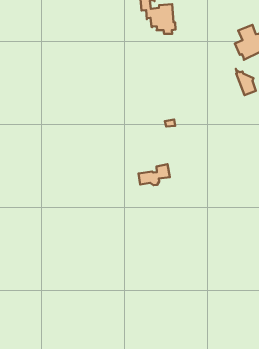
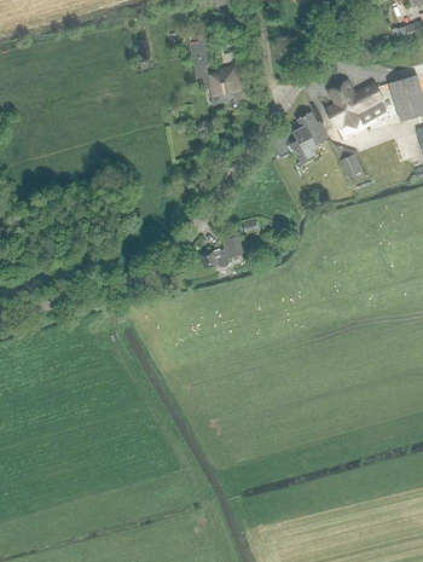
building: none -> [290,111,328,163]
building: [139,164,170,185] -> [201,236,243,267]

